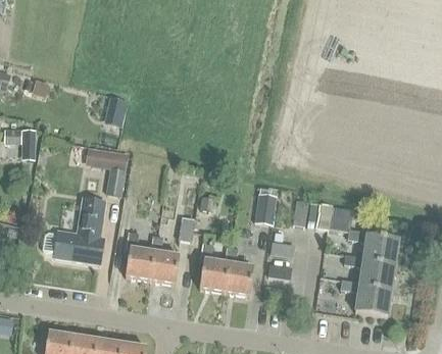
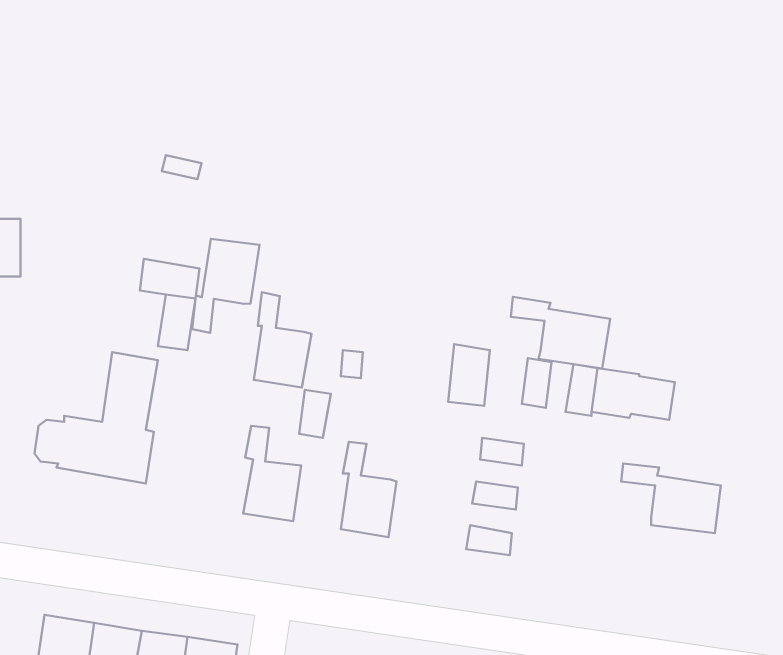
building: none -> [192,239,259,333]
building: [347,229,398,265] -> [511,297,610,369]
building: [125,231,154,280] -> [254,292,312,388]
building: [224,246,253,295] -> none
building: [340,279,391,316] -> none

